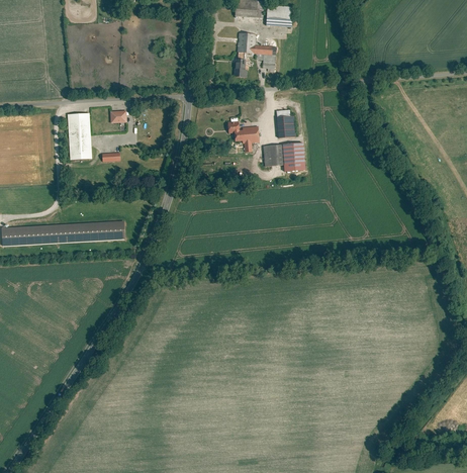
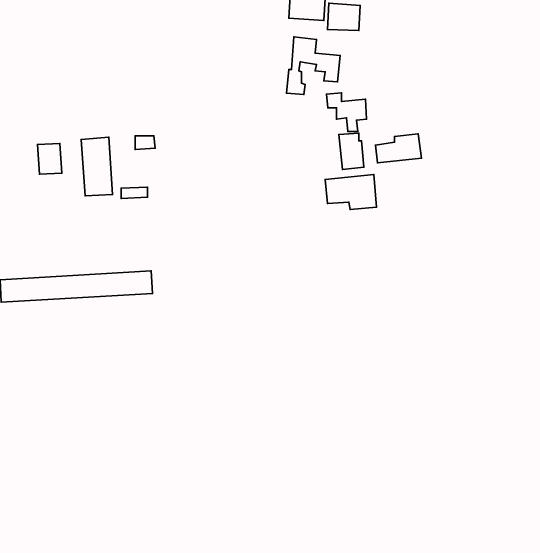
building: none -> [376,134,421,163]
building: none -> [38,143,62,174]
building: [226,120,259,152] -> [327,93,367,132]

